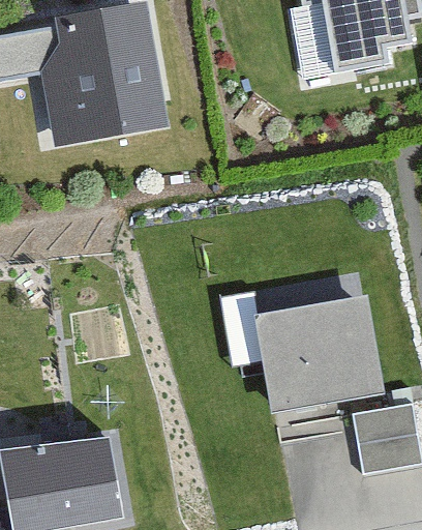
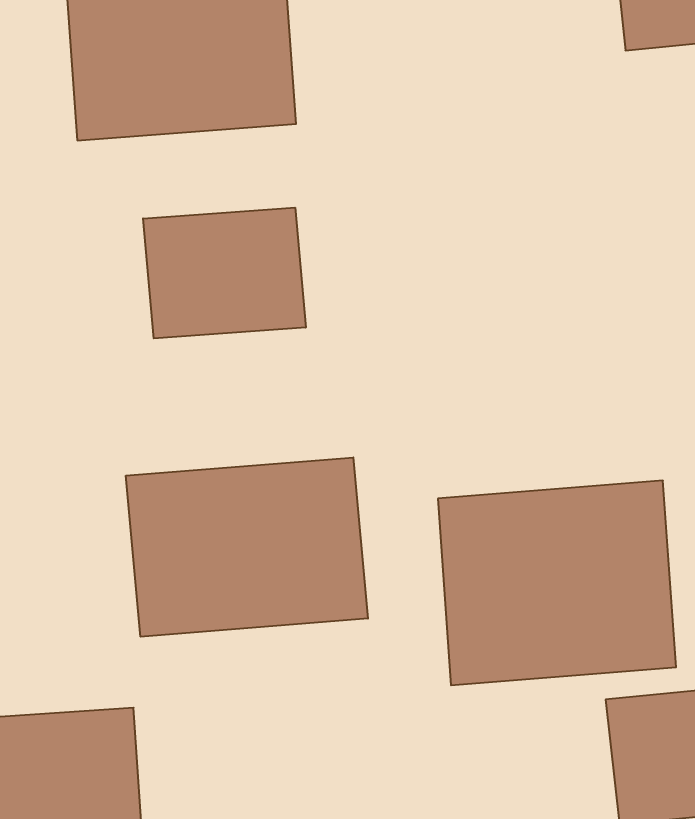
building: none -> [143,208,306,338]
building: none -> [126,457,368,637]

